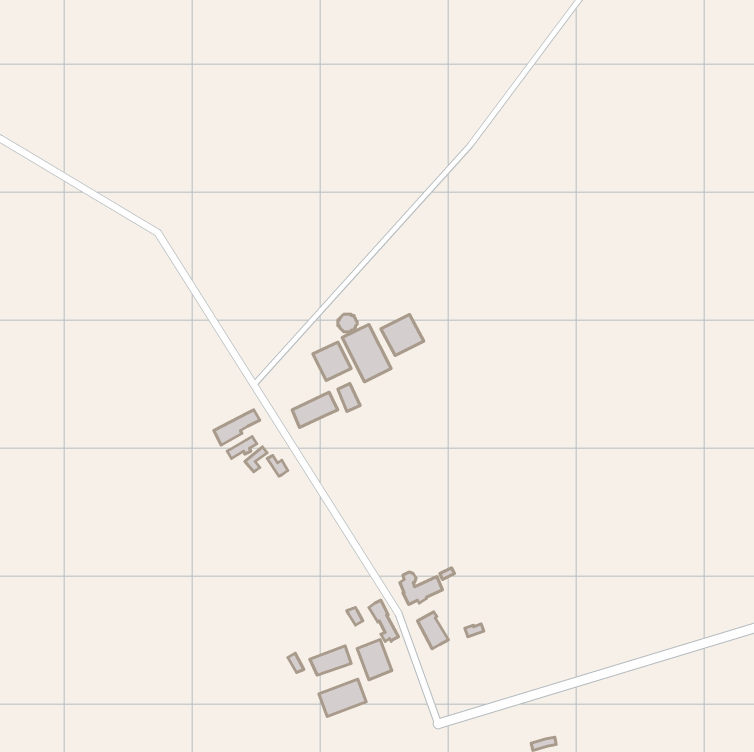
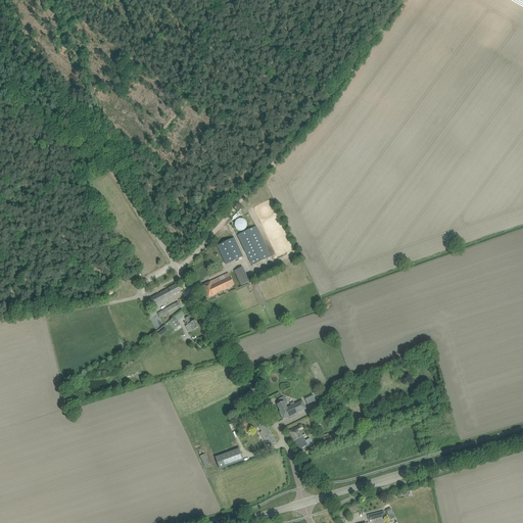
building: [381,314,424,355] -> none
building: [357,639,392,680] -> none
building: [319,679,366,717] -> none

